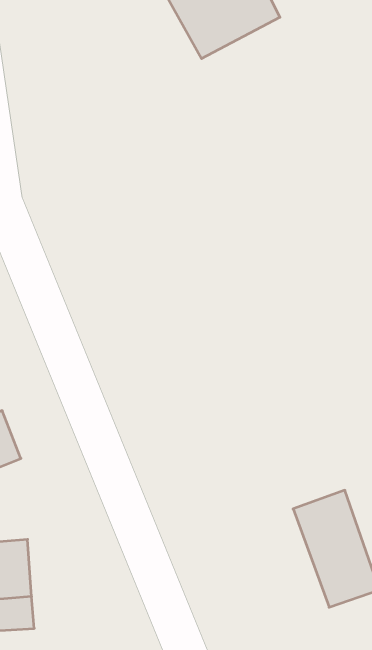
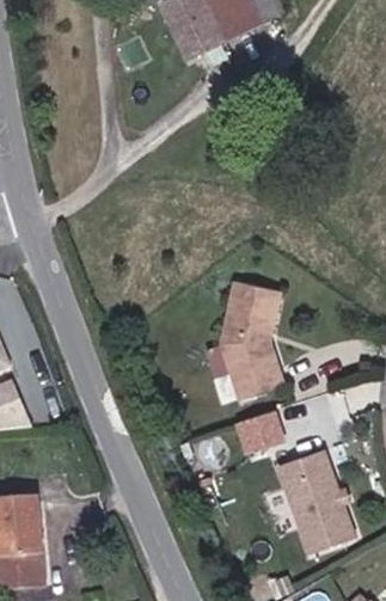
building: none -> [222,282,282,399]
building: none -> [233,409,284,453]

